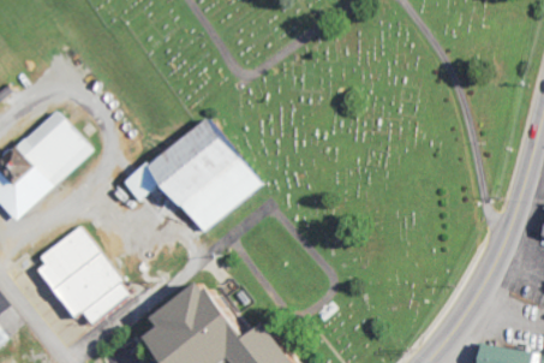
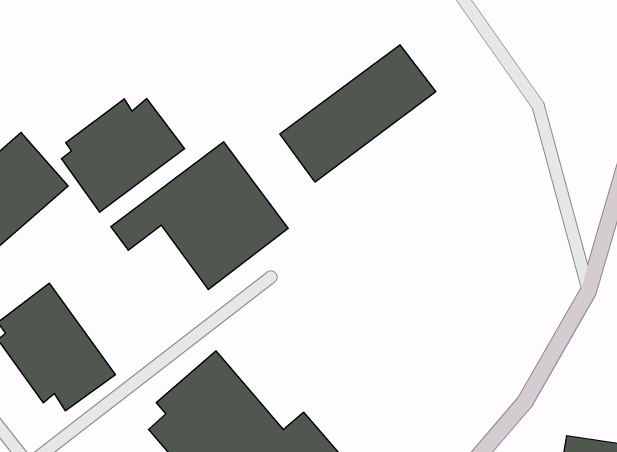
building: none -> [280,45,436,182]
building: none -> [61,99,185,212]

